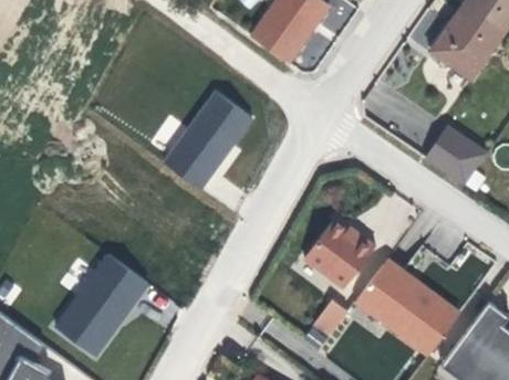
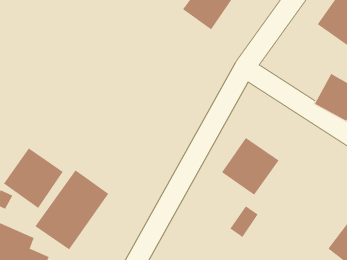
building: [162,89,259,192] -> none
building: none -> [3,147,63,209]
building: [353,254,461,352] -> none

